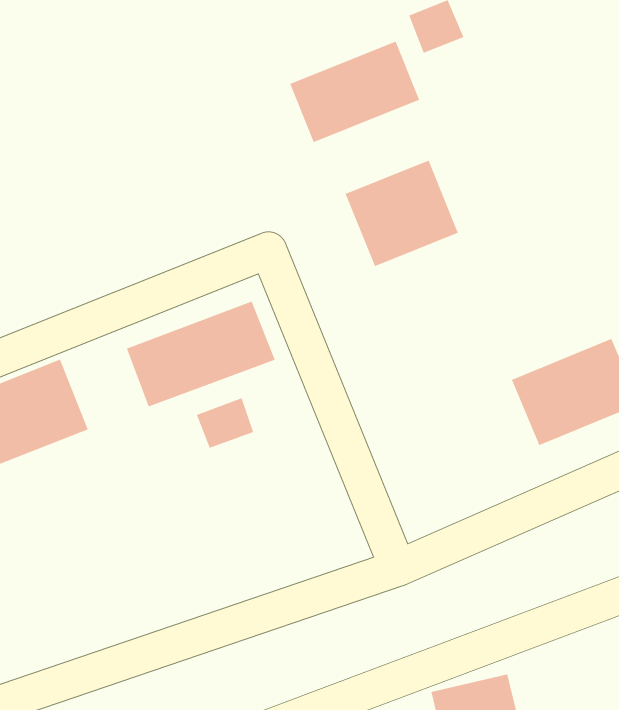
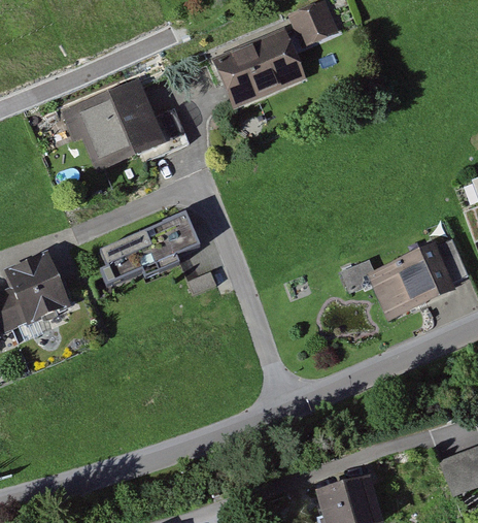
building: none -> [71,78,165,169]
building: [345,160,459,267] -> none
building: [196,397,254,449] -> none

